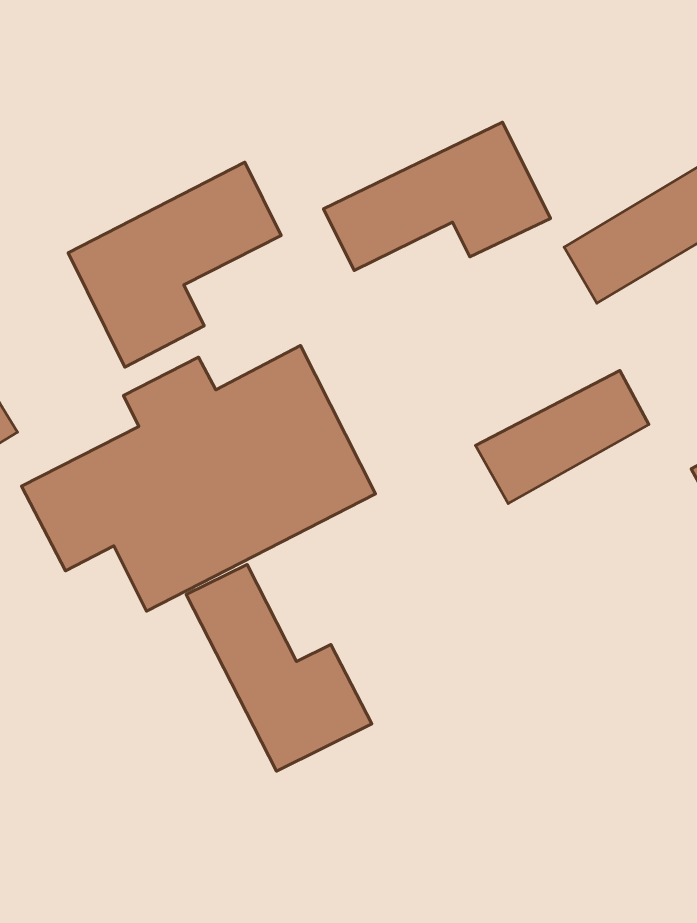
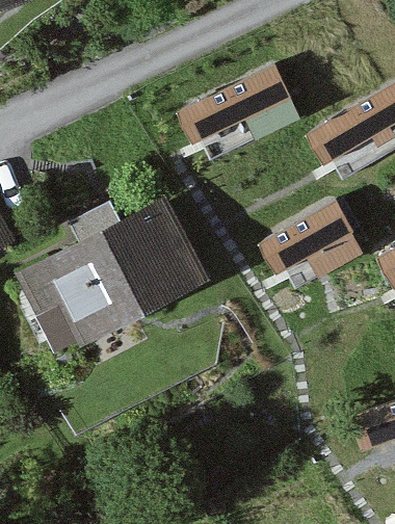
building: [68,162,281,367] -> none
building: [186,564,372,771] -> none

